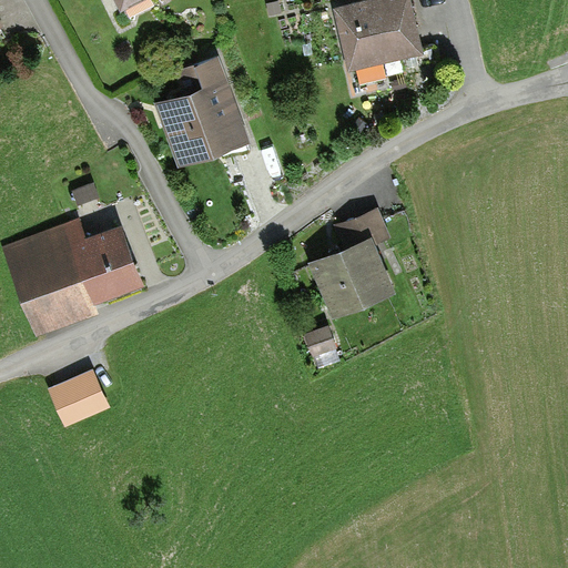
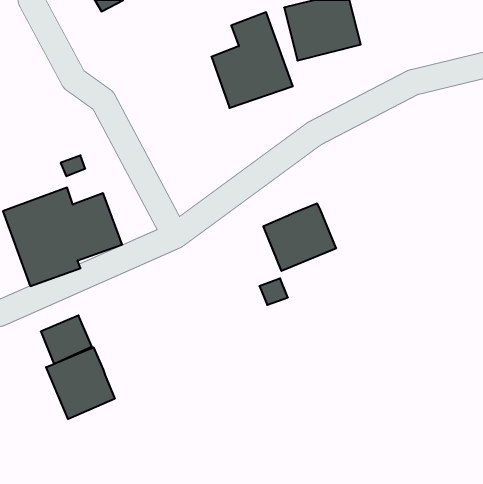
building: [153,55,248,168] -> [211,12,293,108]
building: [334,206,390,250] -> none
building: none -> [46,347,115,419]

